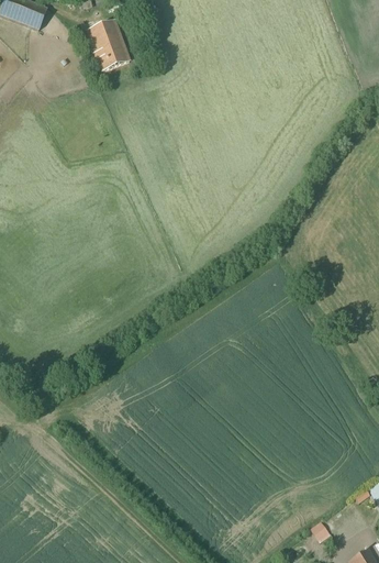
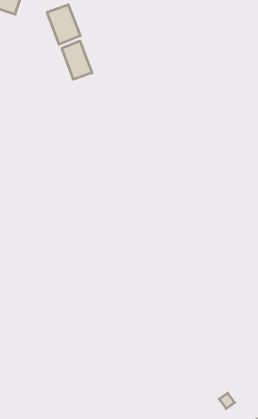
building: none -> [62,41,92,79]

